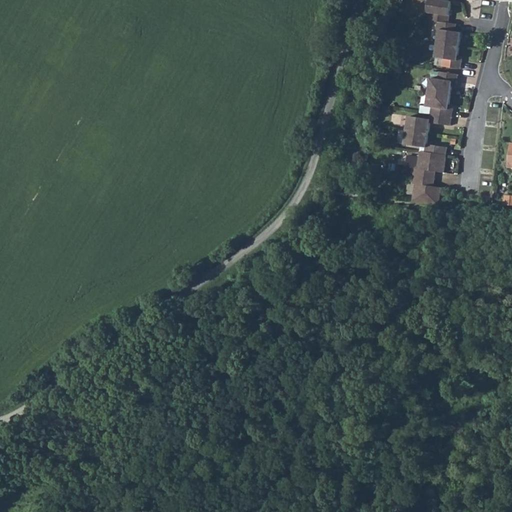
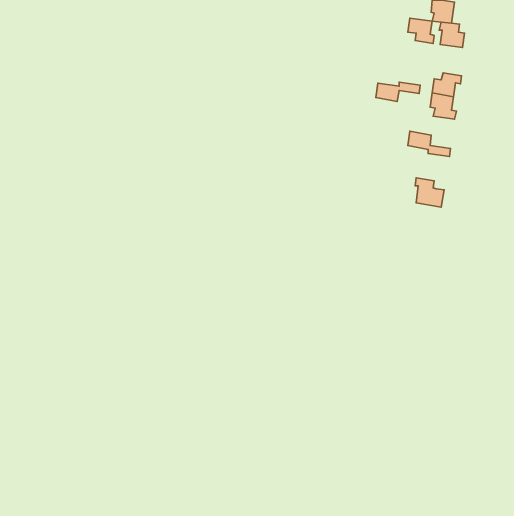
building: [434,44,460,69] -> [408,18,434,43]
building: [406,115,450,134] -> [376,82,420,101]
building: [412,151,445,179] -> none

